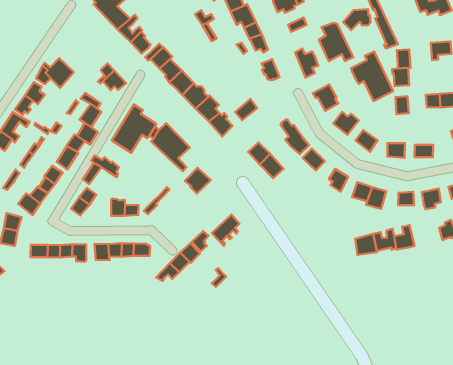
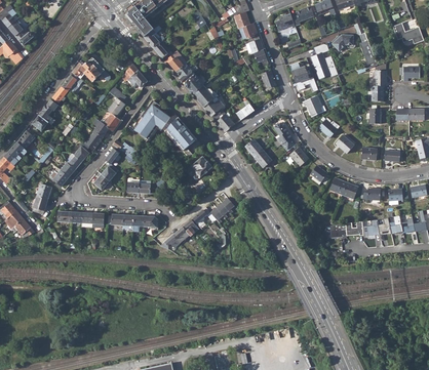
building: [351,51,393,101] -> none

